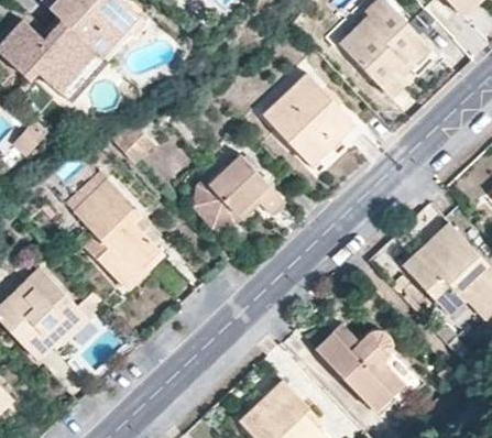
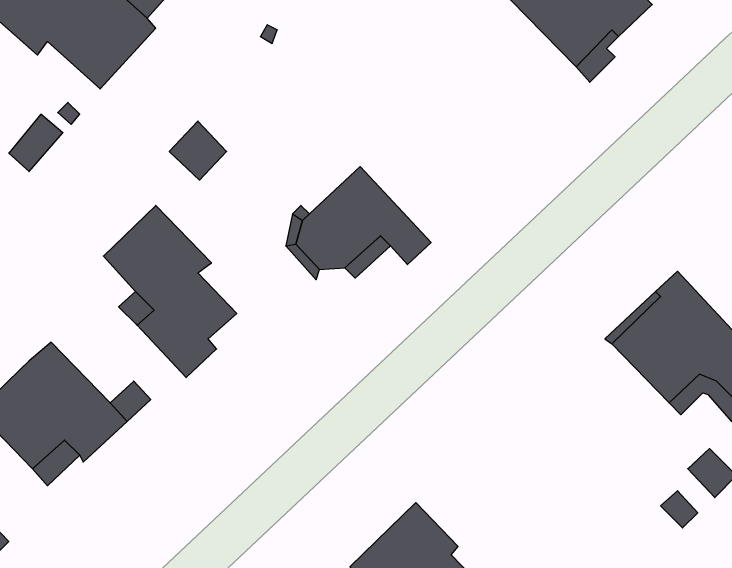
building: [261,72,361,172] -> none
building: [309,318,416,407] -> none

